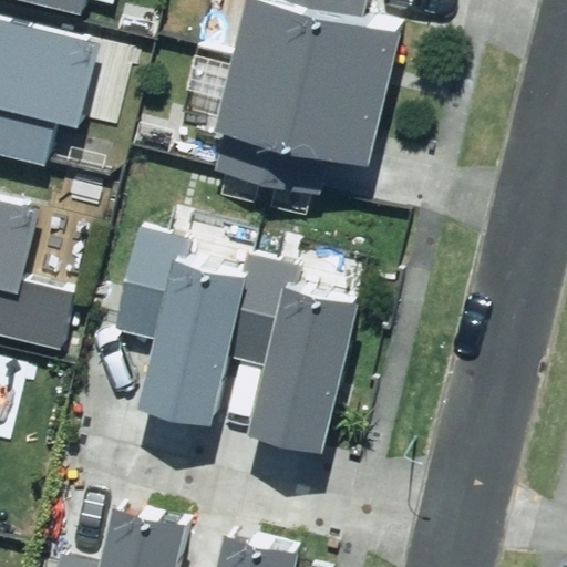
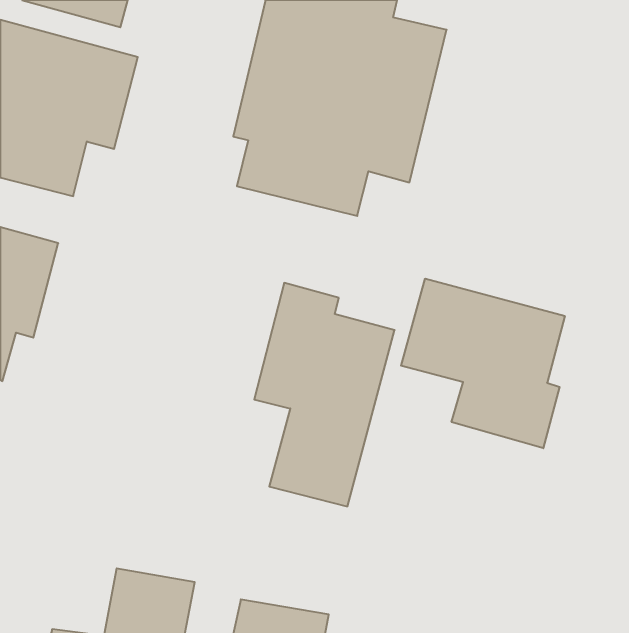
building: [115,225,241,414] -> none
building: none -> [401,279,565,448]

